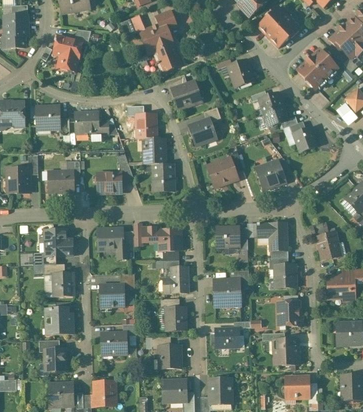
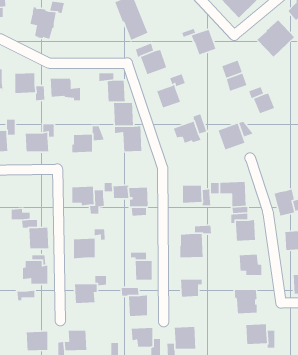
building: [45,230,67,256] -> none
building: [163,267,188,293] -> none
building: [45,349,66,371] -> none

